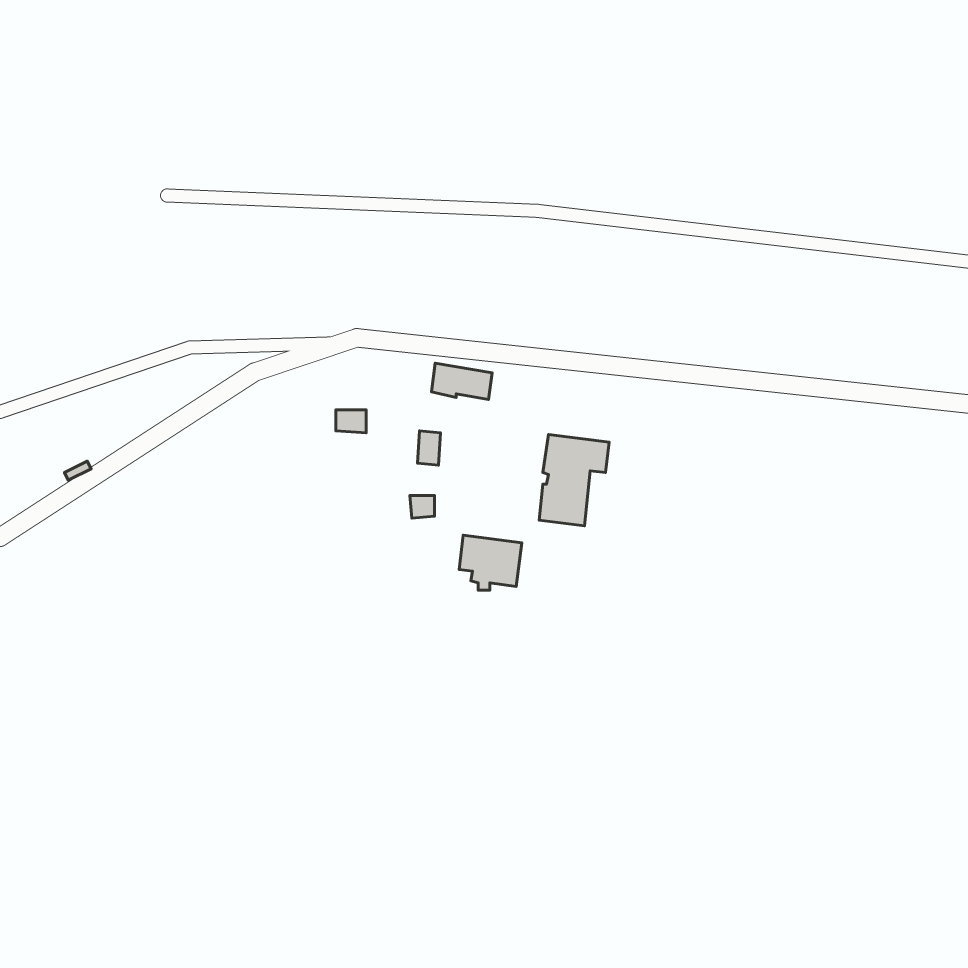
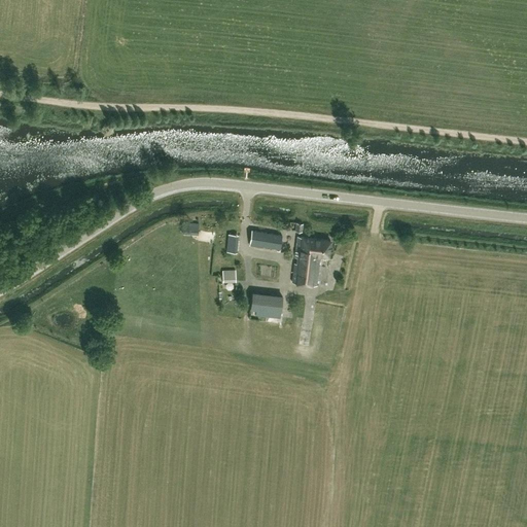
building: [431,363,492,399] -> [250,231,283,250]

